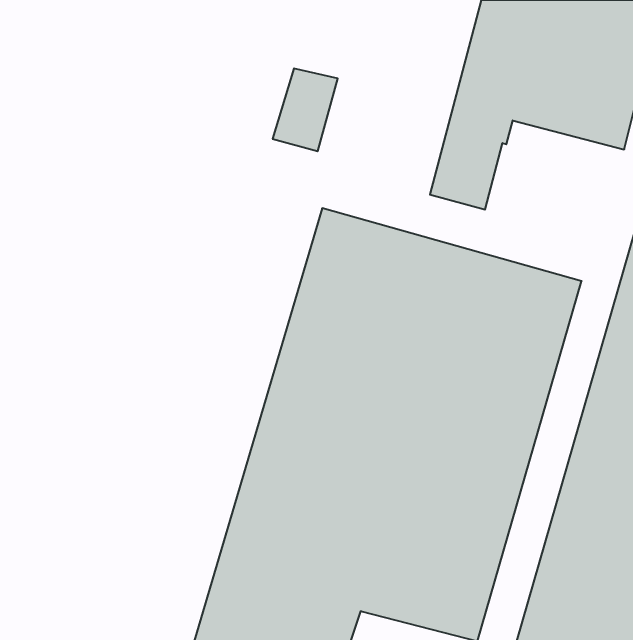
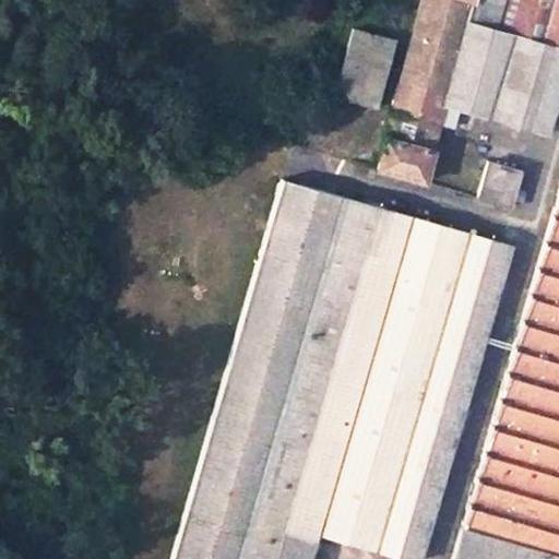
building: [273,68,338,151] -> [342,33,399,105]
building: none -> [483,163,523,205]

